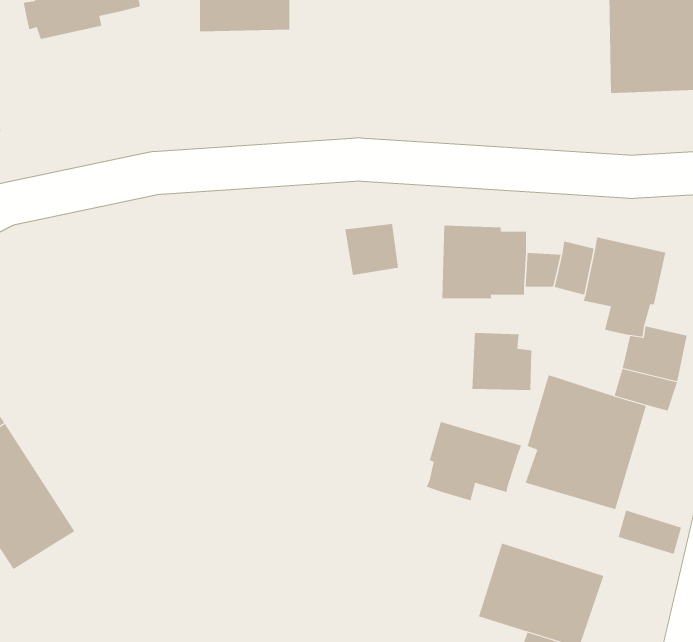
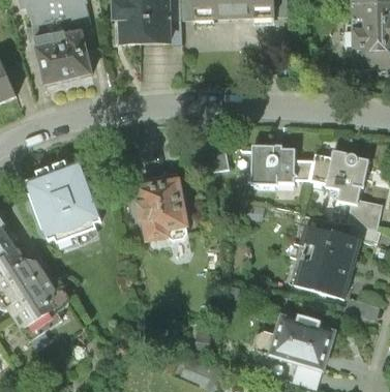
building: none -> [36,30,91,83]
building: none -> [27,163,100,236]
building: none -> [136,177,188,240]
building: [472,332,532,391] -> none
building: [426,421,522,501] -> none

